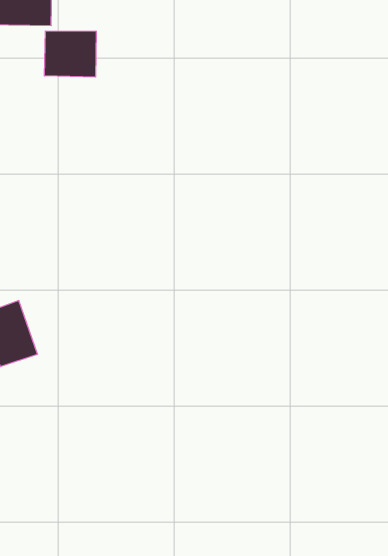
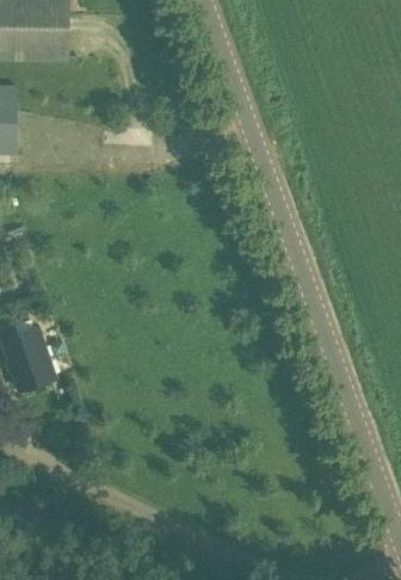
building: [44,31,96,77] -> none

